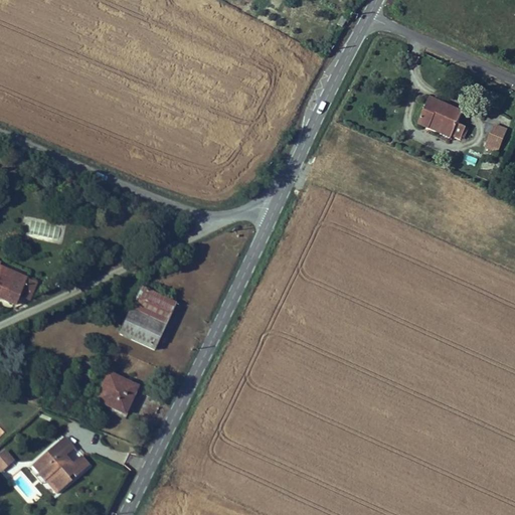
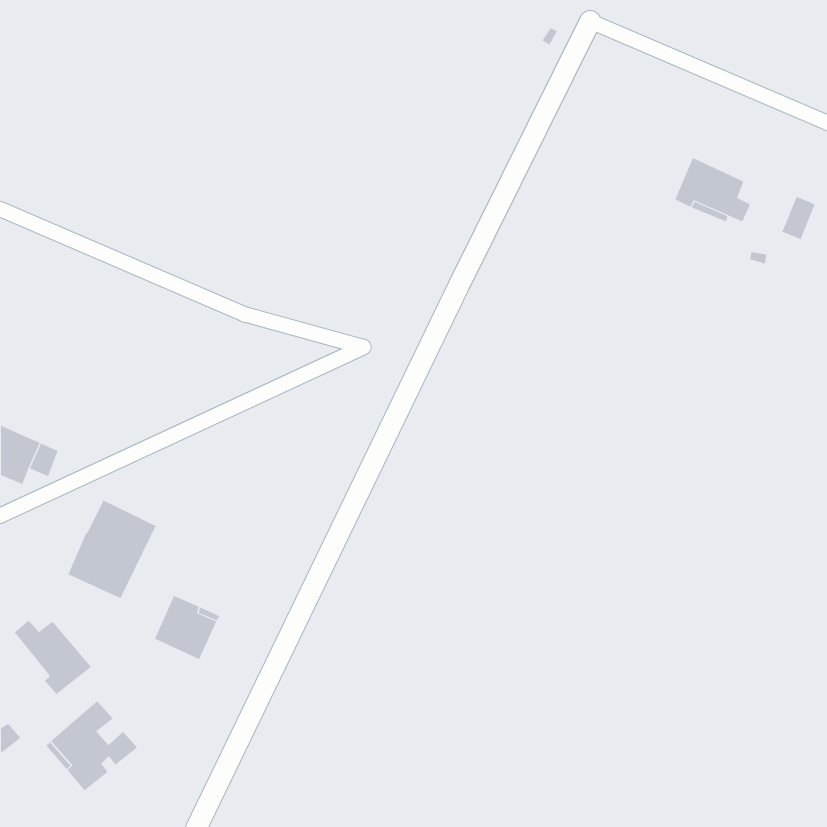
building: [121,286,176,347] -> [67,500,157,599]
building: none -> [14,620,92,695]

